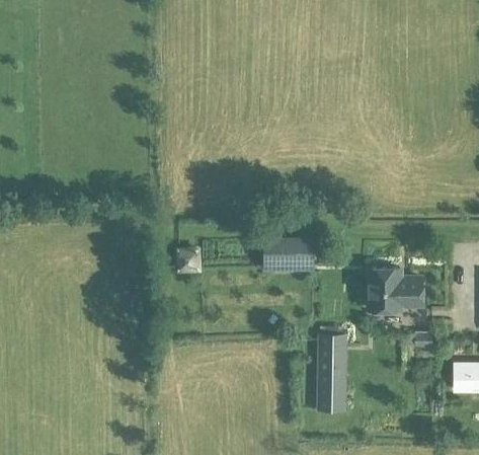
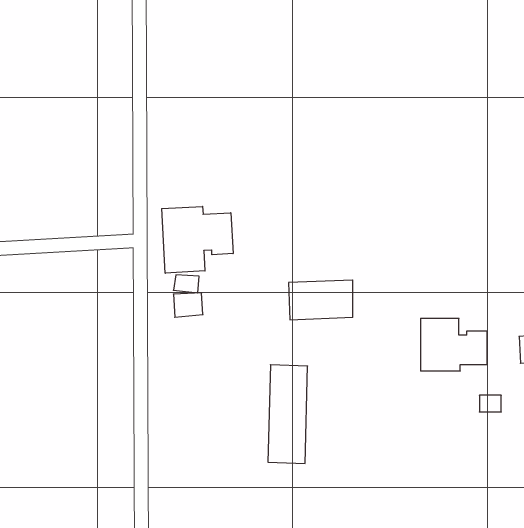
building: none -> [162,206,233,273]
building: [316,332,347,410] -> [268,365,308,463]

